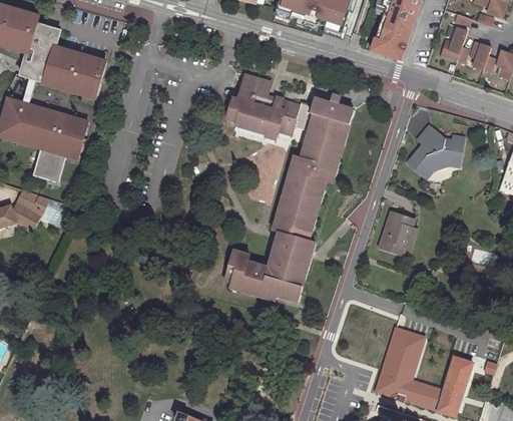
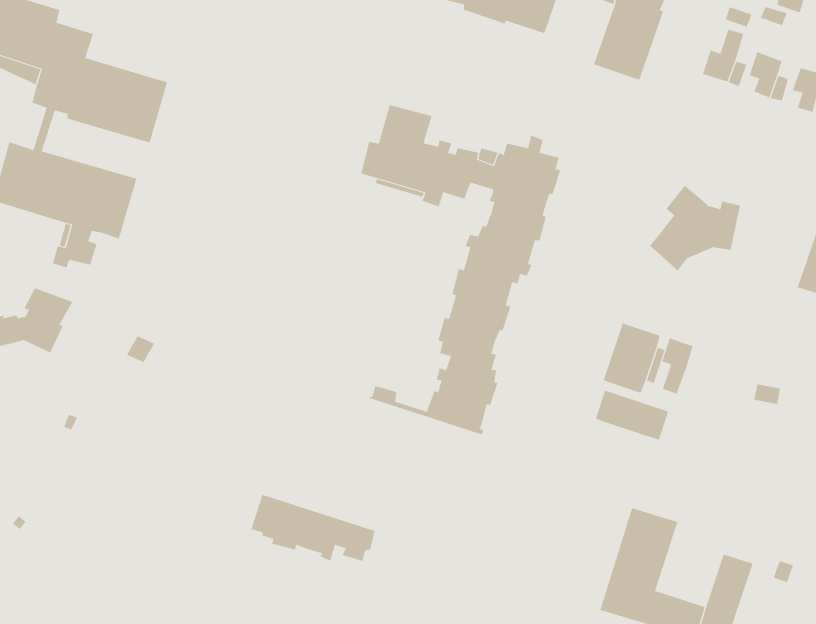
building: none -> [661,337,693,395]
building: none -> [595,390,669,440]
building: [224,259,303,301] -> [250,494,376,561]

